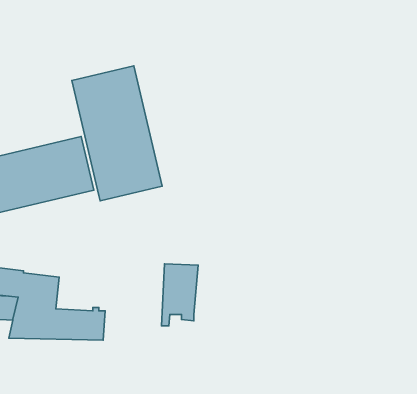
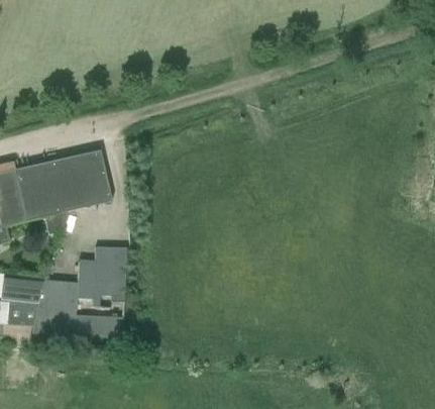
building: [72,66,162,201] -> none
building: [161,264,198,326] -> [91,245,126,305]

